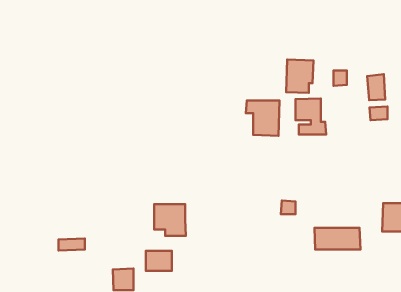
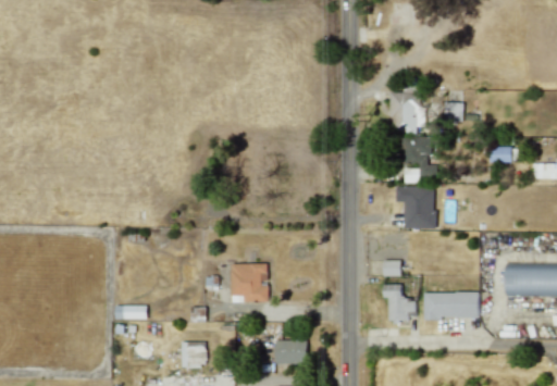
building: [367,74,385,100] -> none
building: [246,100,279,136] -> [395,187,435,229]
building: none -> [384,284,417,322]
building: [146,251,172,271] -> [275,340,307,364]

